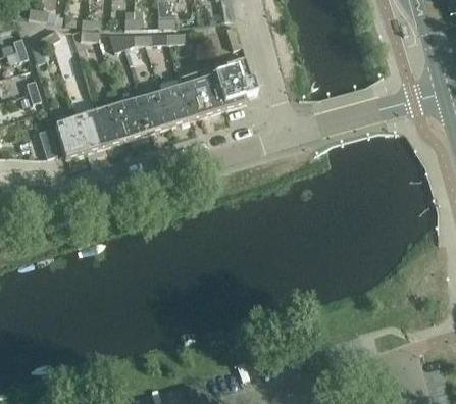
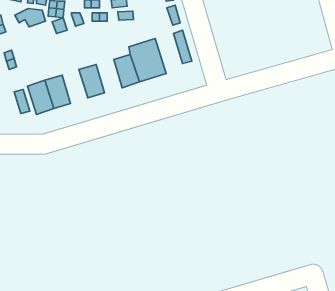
building: [210,58,246,107] -> none
building: [138,90,169,131] -> none
building: [96,102,128,144] -> none

